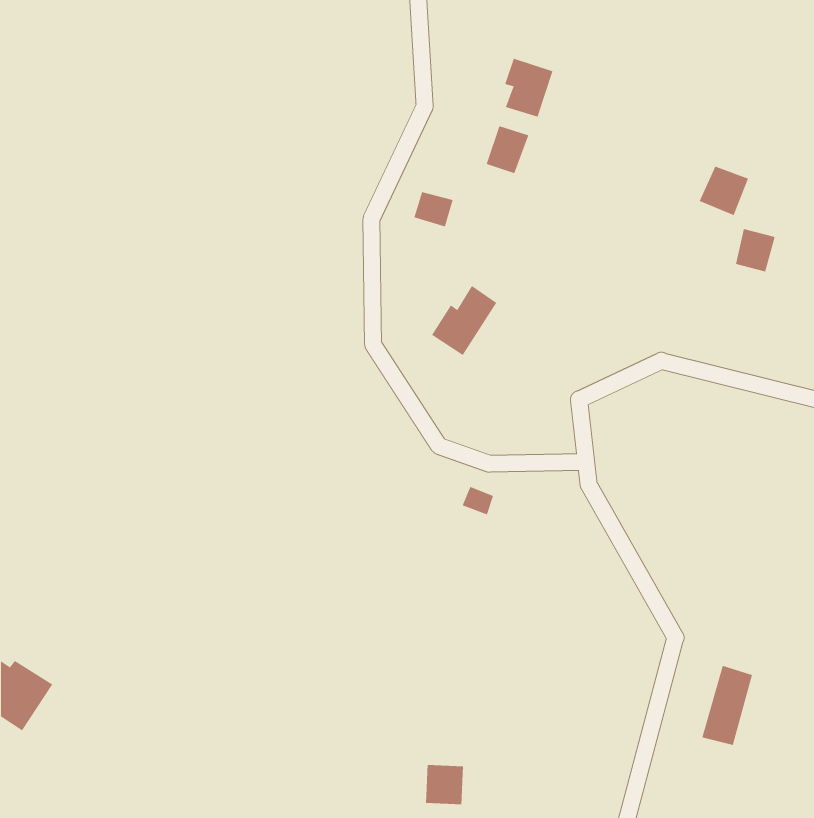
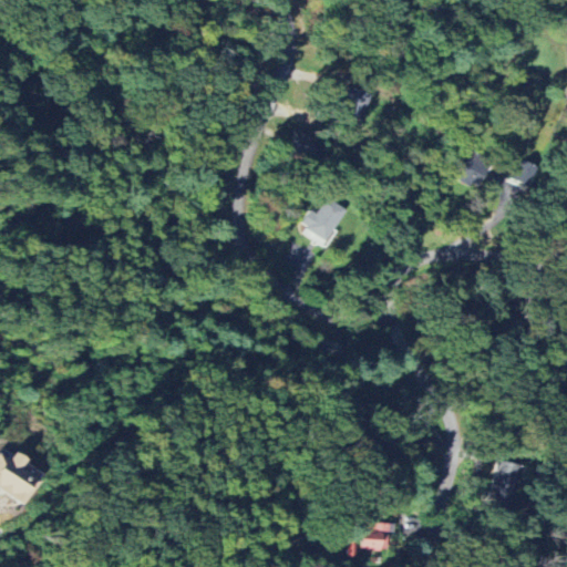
building: [504,58,553,118] -> none
building: [699,166,749,216] -> [456,154,491,188]
building: [425,765,464,805] -> [364,520,391,548]

